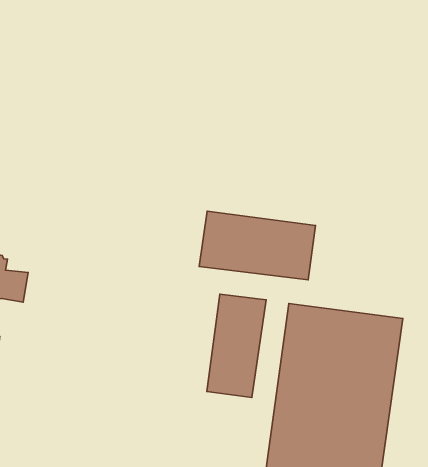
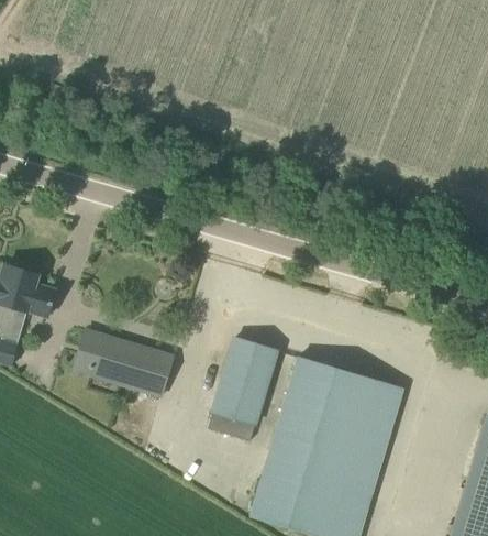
building: [199,211,316,280] -> none
building: none -> [71,329,174,396]

